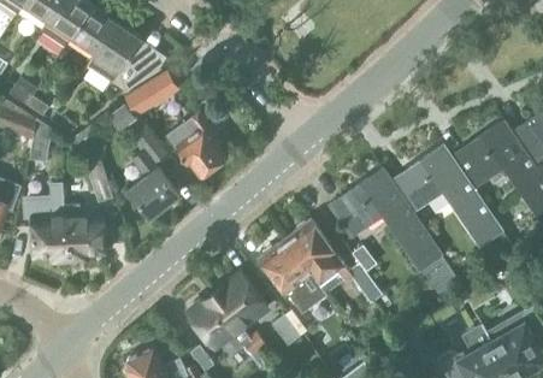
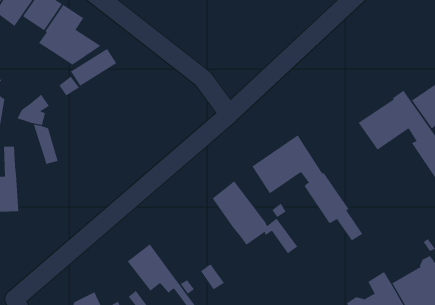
building: [169,114,226,177] -> none
building: [129,123,178,223] -> none
building: [390,146,513,259] -> none
building: [64,206,102,256] -> none
building: [260,242,325,313] -> none
building: [216,274,266,327] -> none

